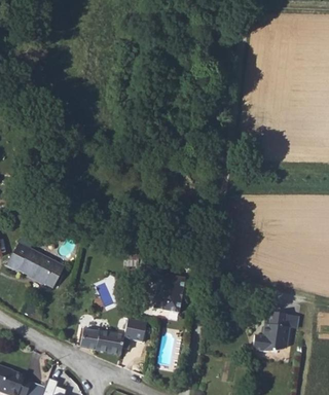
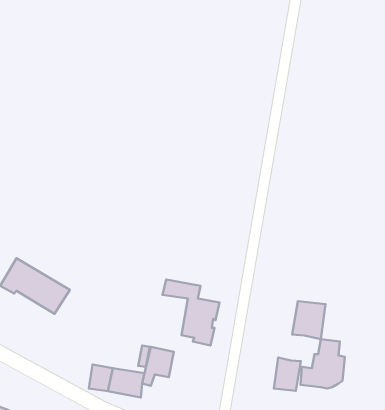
building: none -> [292,301,326,339]
building: none -> [274,357,301,391]

